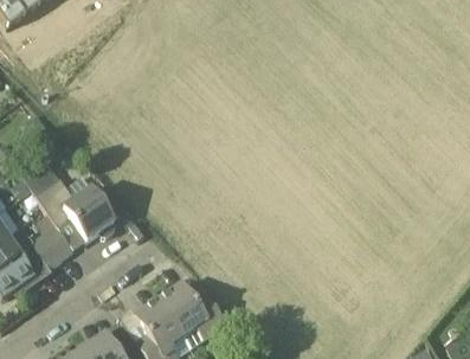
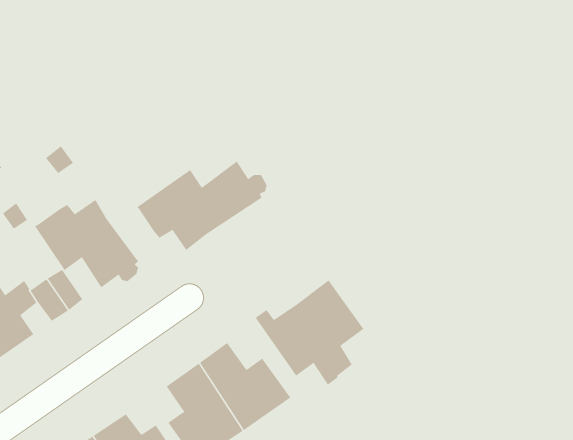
building: none -> [136,161,267,251]
building: none -> [255,280,364,386]

